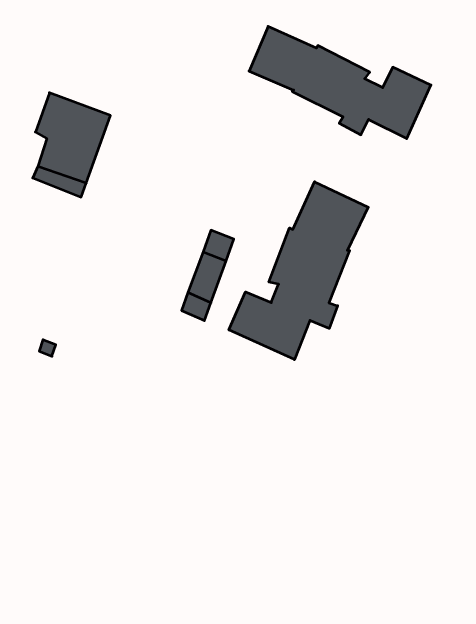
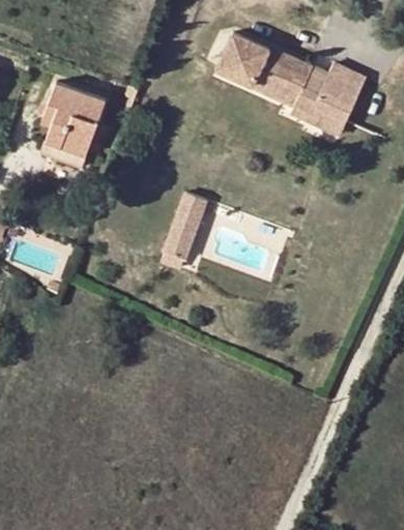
building: [229,182,368,360] -> none

